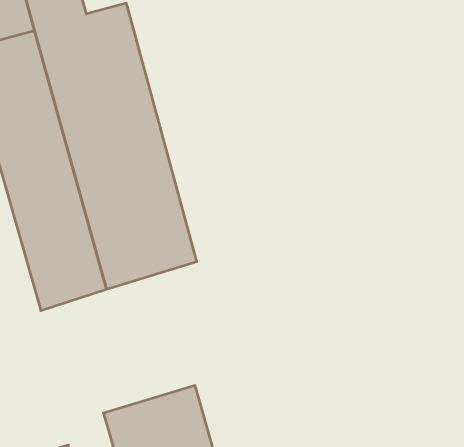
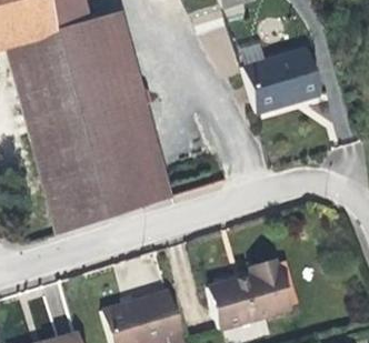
building: none -> [243,47,322,112]
building: none -> [212,259,291,327]

